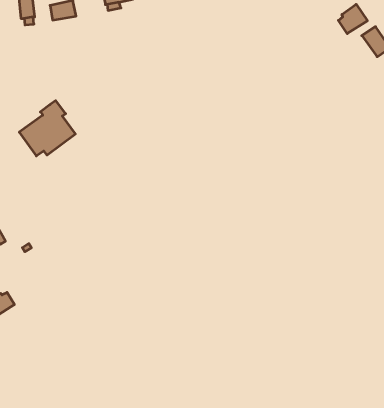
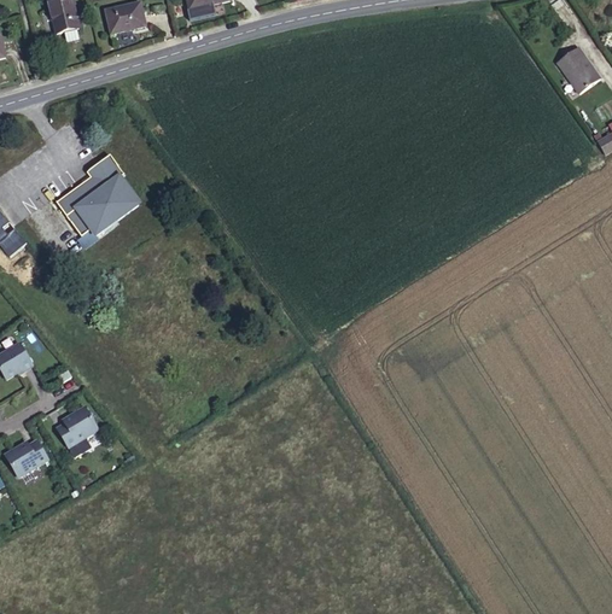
building: [338,4,367,34] -> none
building: none -> [57,405,98,446]

